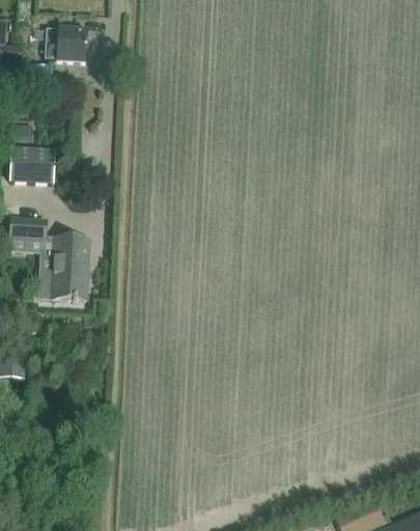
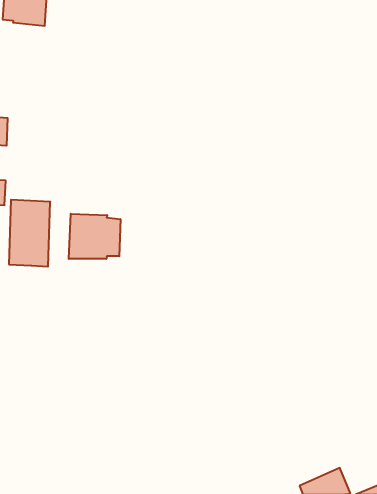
building: none -> [69,214,120,259]

